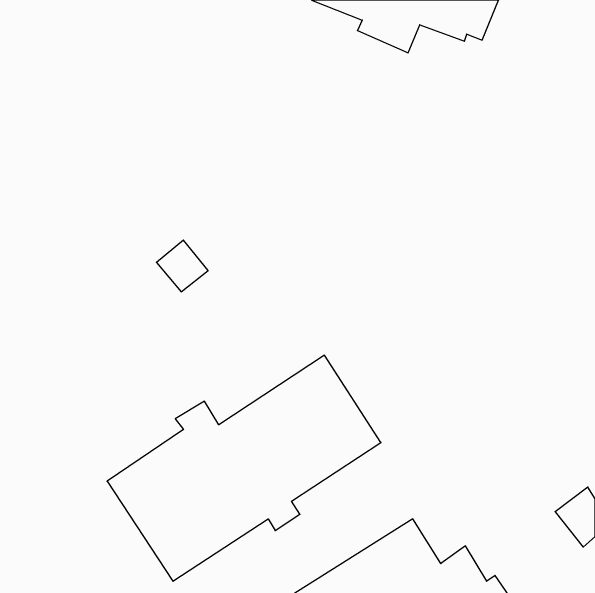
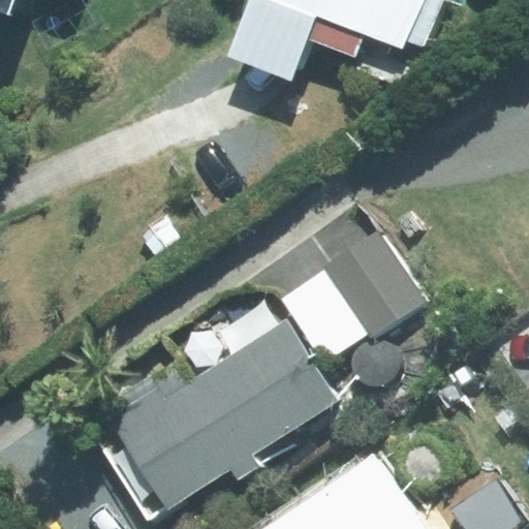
building: none -> [307,235,426,364]

